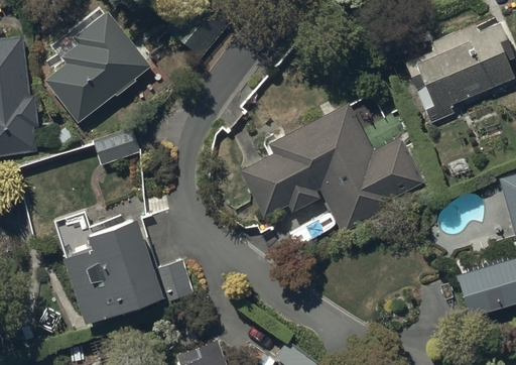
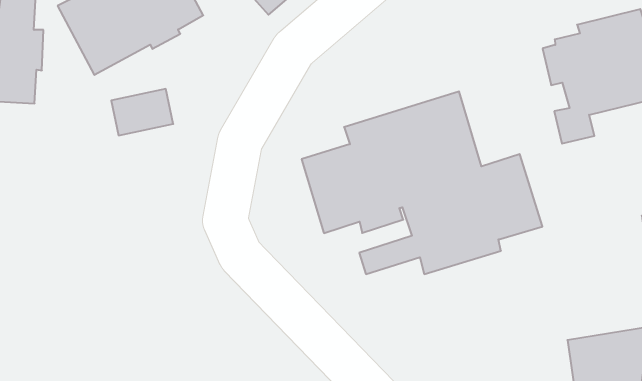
building: [47,200,196,326] -> none

